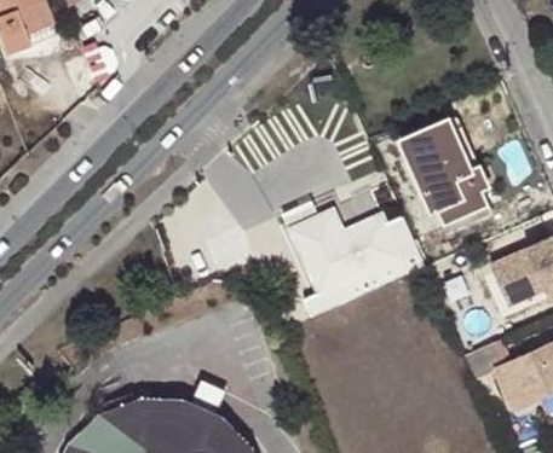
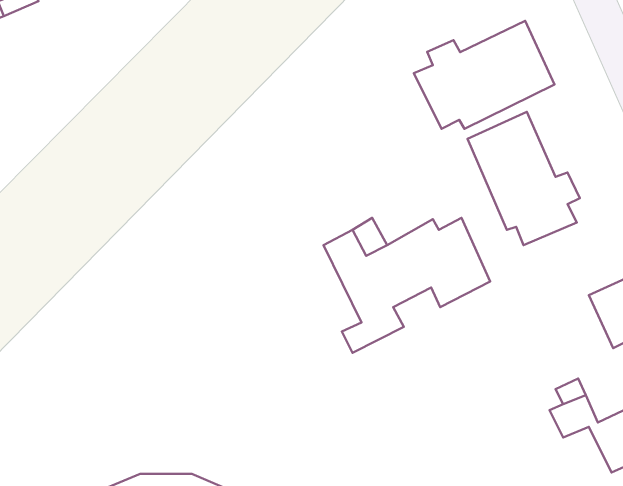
building: none -> [414,21,554,129]

